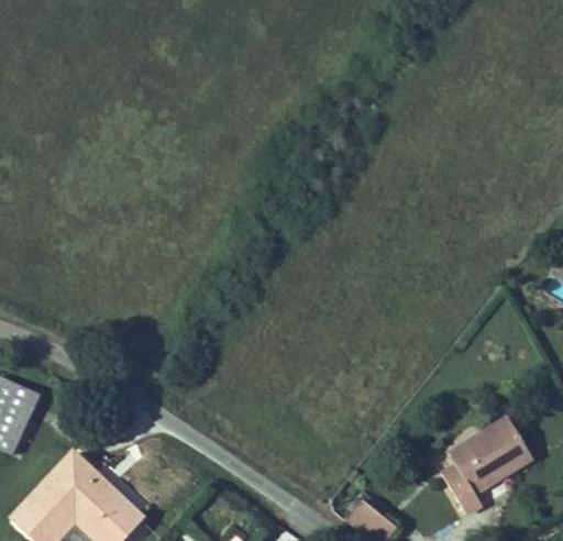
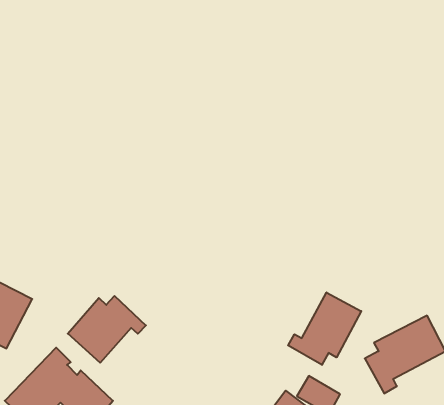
building: none -> [288,292,361,365]
building: none -> [68,296,146,363]

